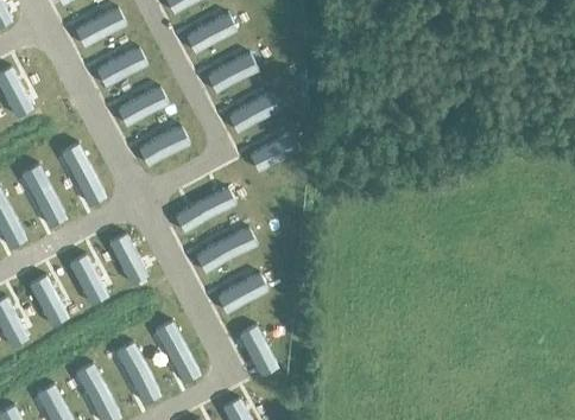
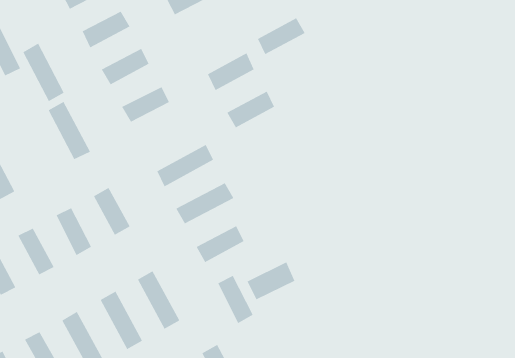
building: [207,51,258,90] -> [257,17,306,55]
building: [21,163,65,224] -> [23,43,64,102]
building: none -> [247,261,295,300]

